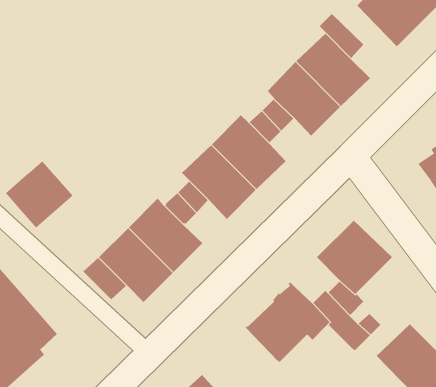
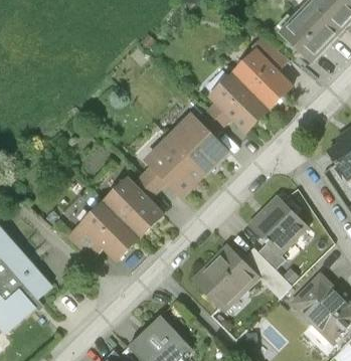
building: [5,161,73,228] -> none

